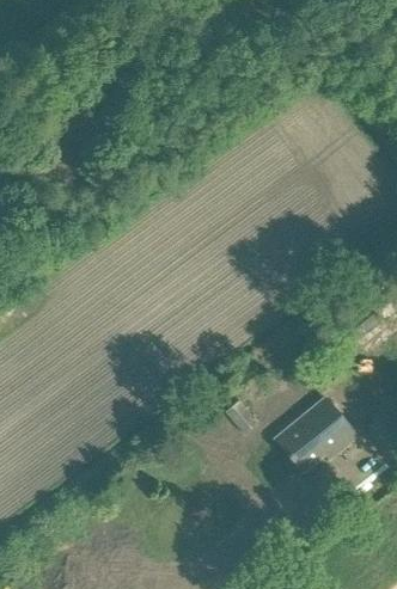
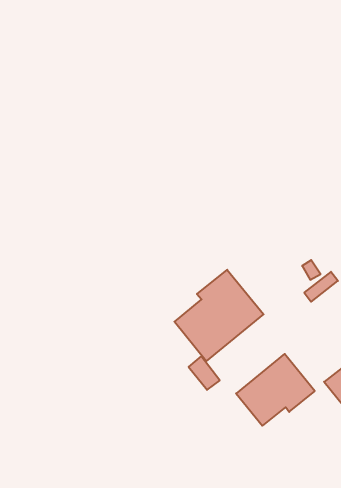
building: none -> [174,270,264,361]

